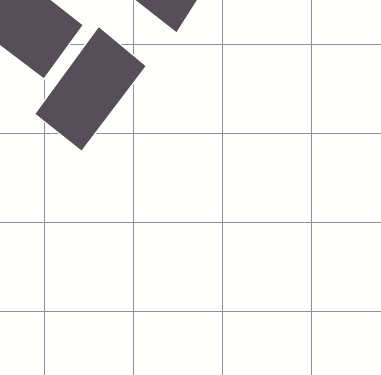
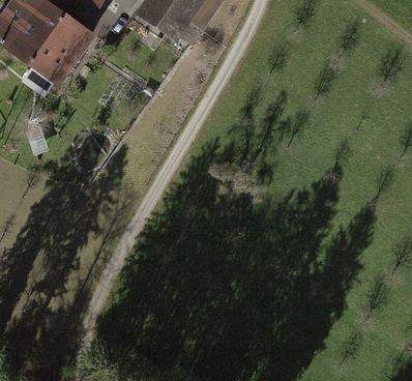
building: [34,26,147,151] -> none

